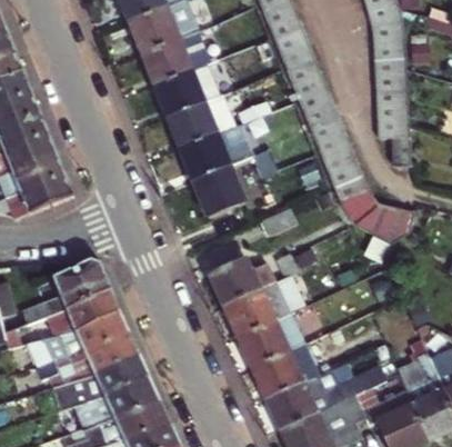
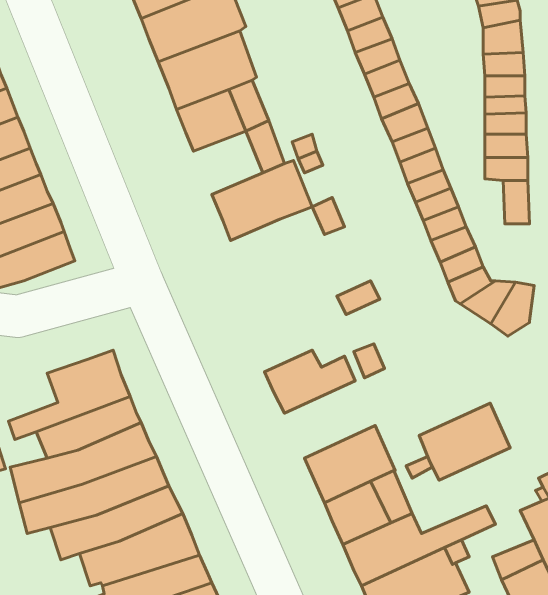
building: [161,100,211,146] -> none
building: [188,163,238,213] -> none
building: [227,280,292,336] -> [419,403,510,480]

